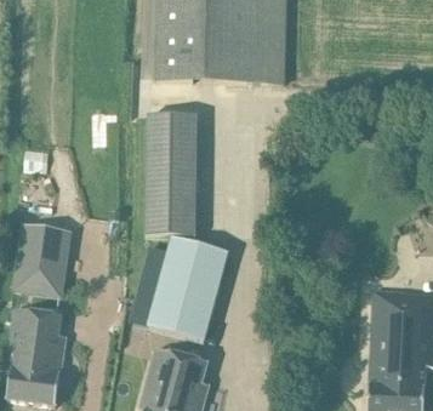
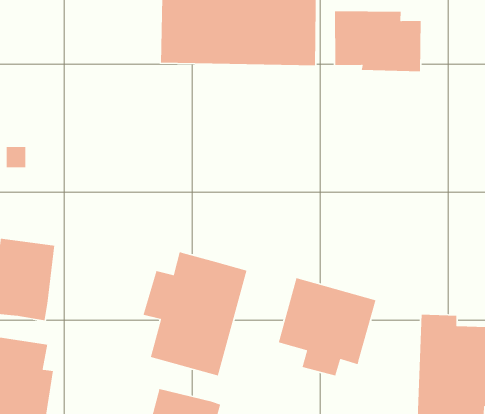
building: none -> [334,11,421,72]
building: [144,112,209,235] -> none
building: none -> [278,277,376,376]

